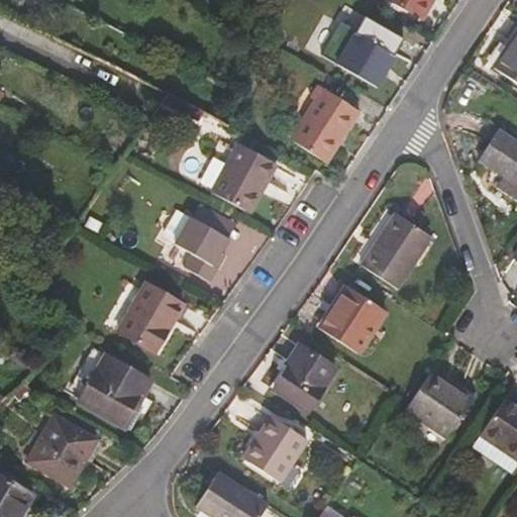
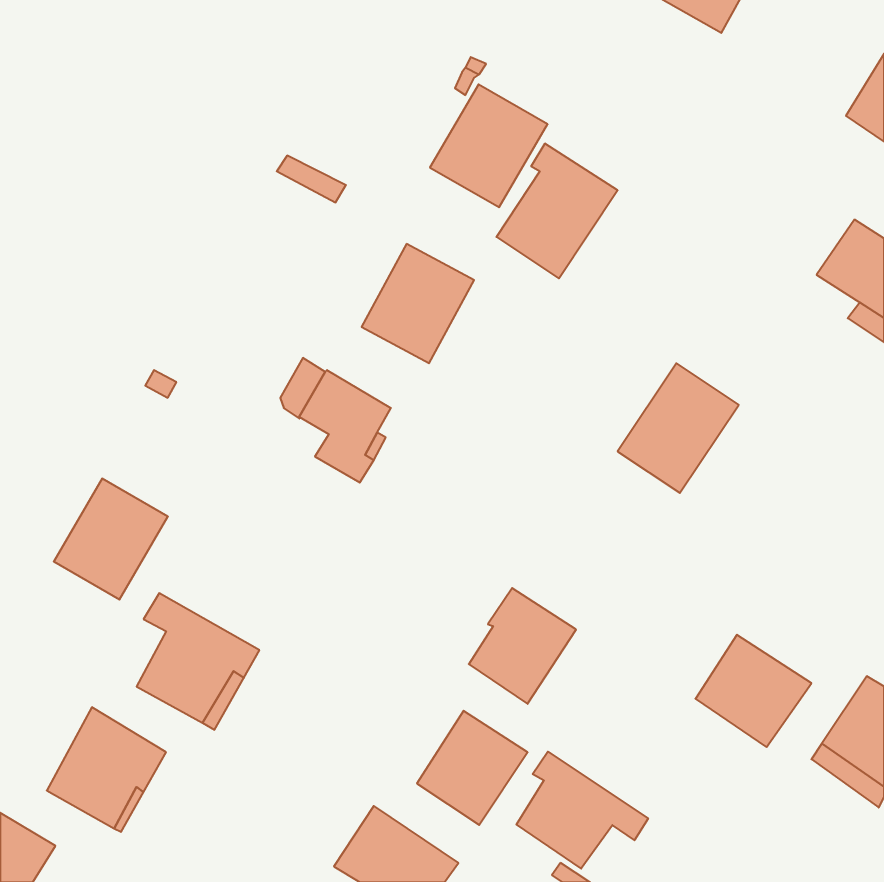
building: [336,15,405,87] -> [430,84,548,207]
building: [117,282,184,352] -> [54,479,168,600]
building: [319,285,386,353] -> none
building: none -> [516,752,648,869]

